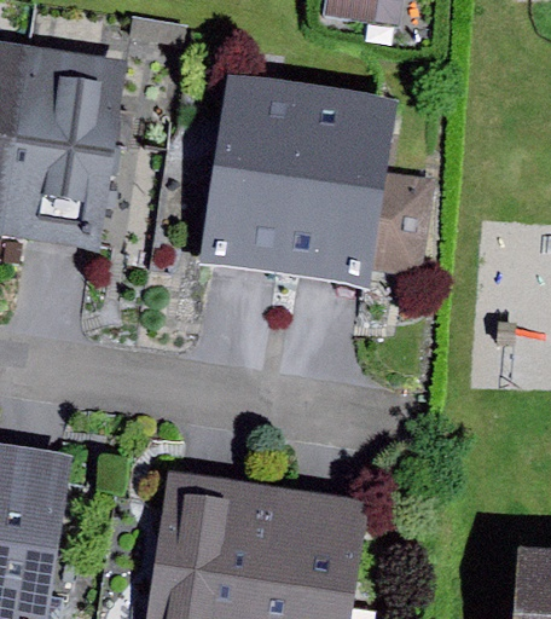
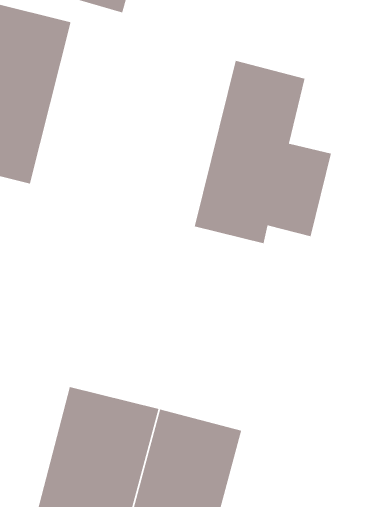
building: [201,74,314,278] -> none

